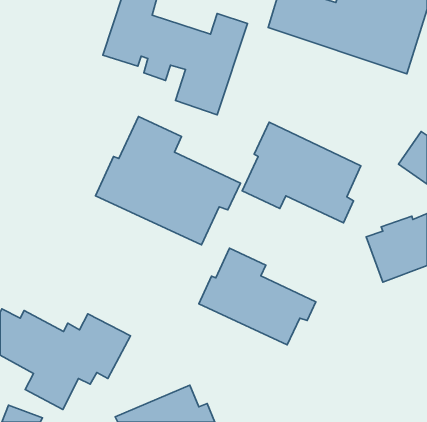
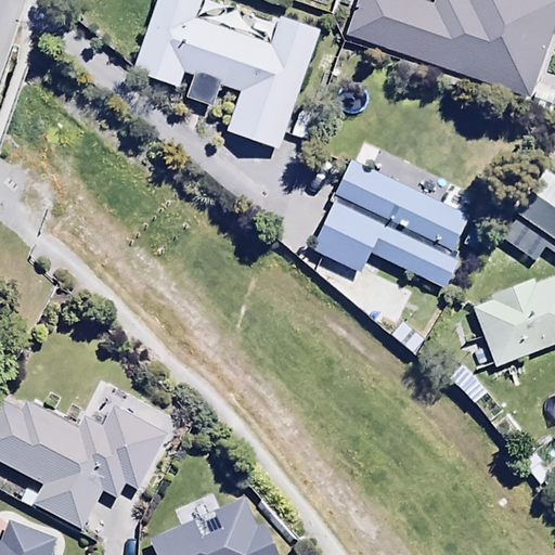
building: [95,116,240,245] -> none
building: [199,248,316,345] -> none

